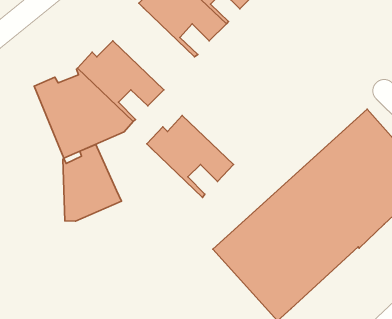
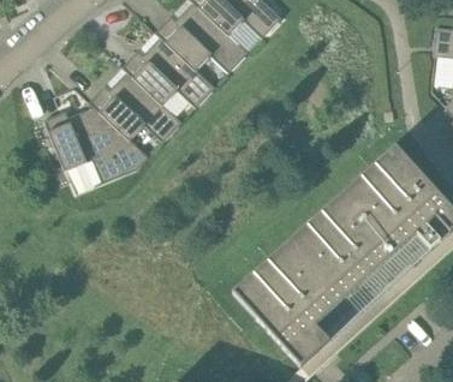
building: [147,115,233,197] -> [123,36,214,123]
building: [63,144,121,221] -> none

